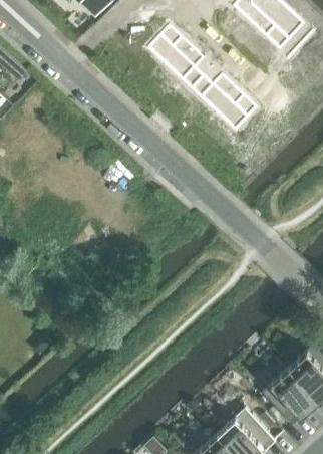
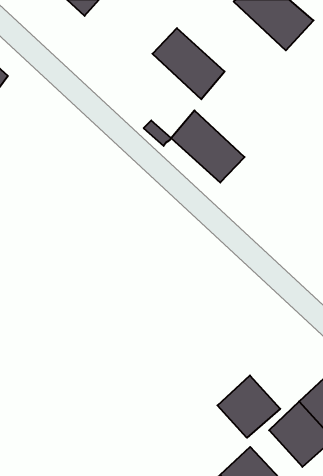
building: [202,67,268,133] -> [171,110,245,183]
building: none -> [217,375,280,438]

